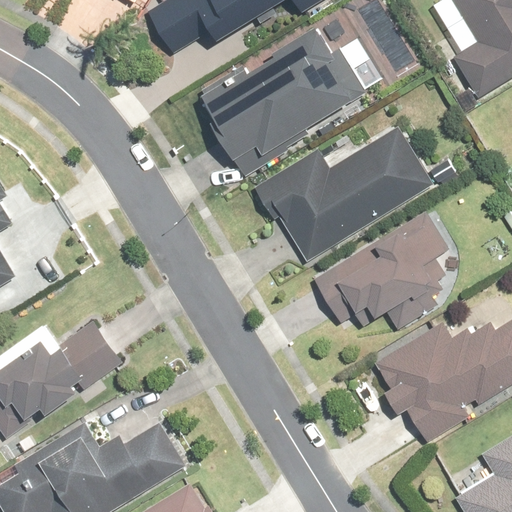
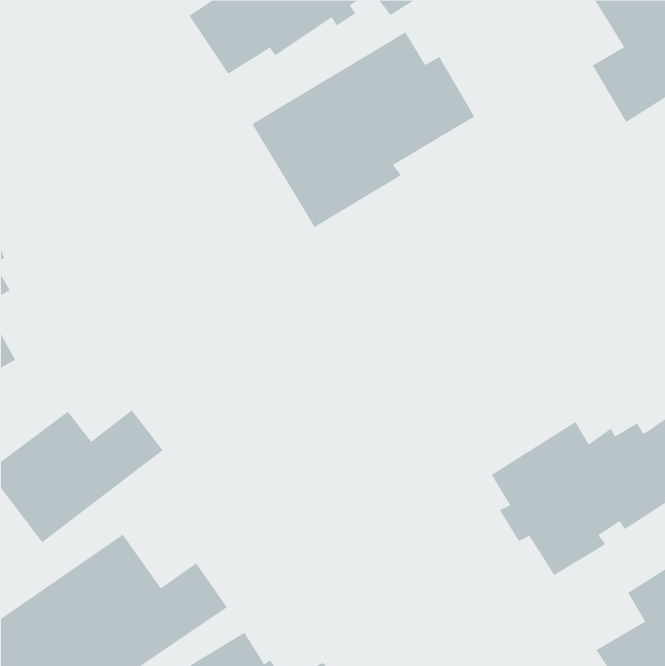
building: [253,130,431,260] -> none
building: [316,212,450,335] -> none

